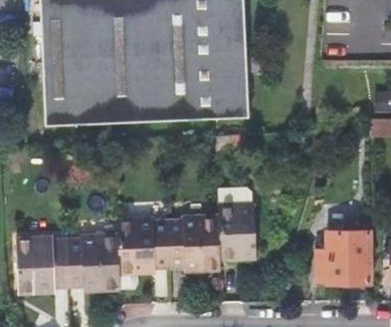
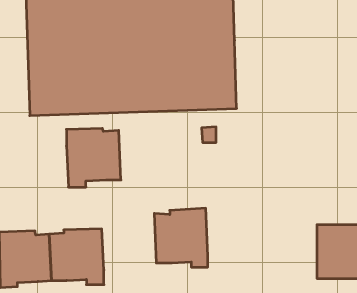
building: [216,204,255,261] -> none
building: [116,218,169,275] -> [66,128,121,187]

